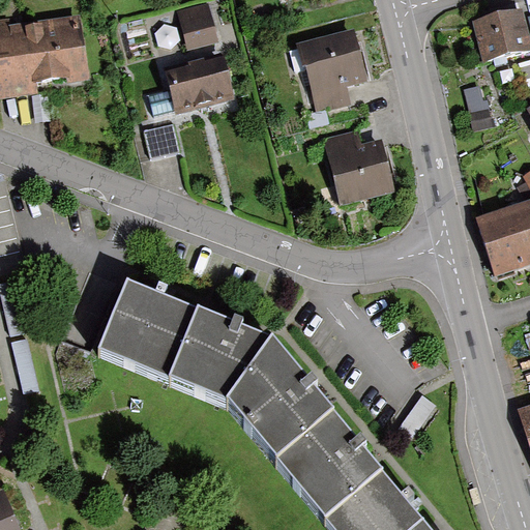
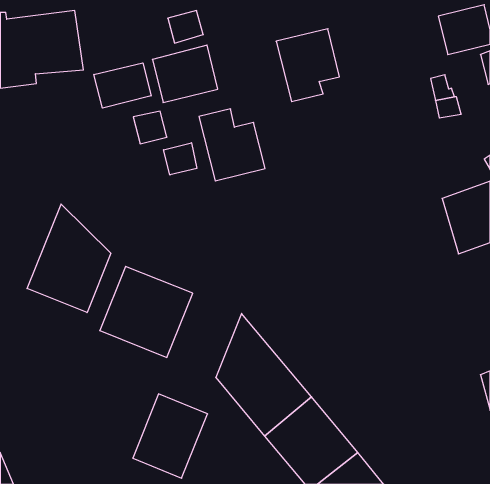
building: none -> [94,63,151,108]
building: [322,129,393,207] -> [199,109,265,181]
building: none -> [164,143,197,175]
building: none -> [27,204,111,313]
building: [180,317,261,408] -> [133,394,208,478]

